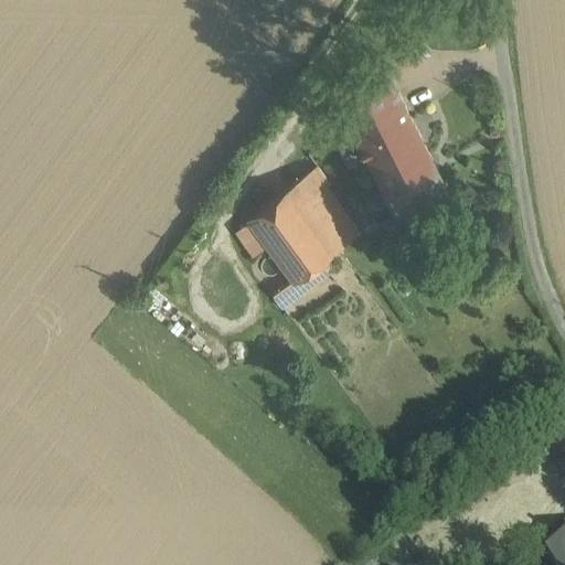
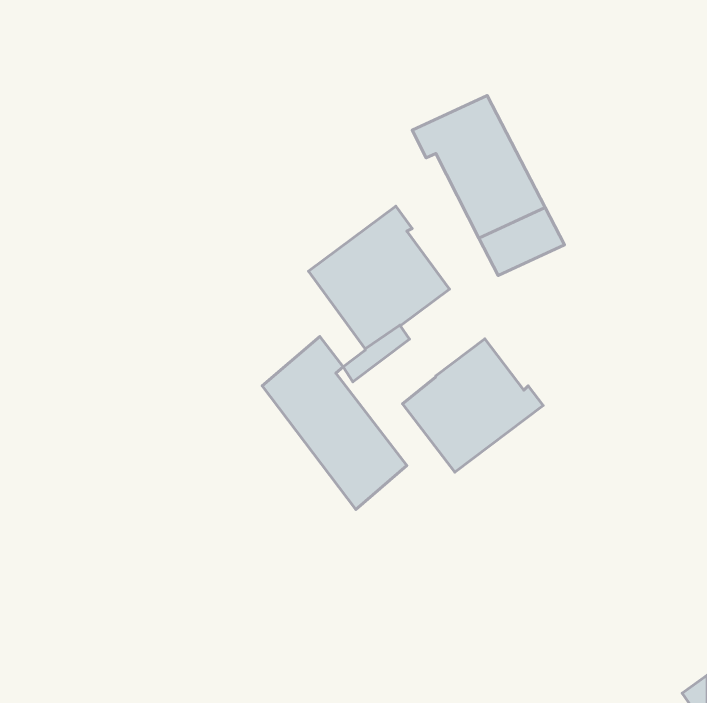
building: none -> [262,337,407,510]
building: none -> [402,339,543,472]

